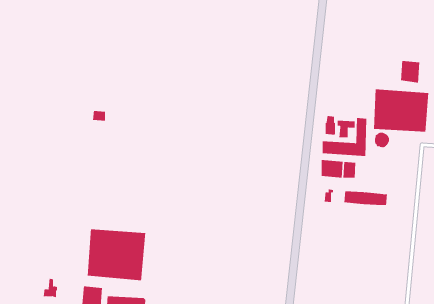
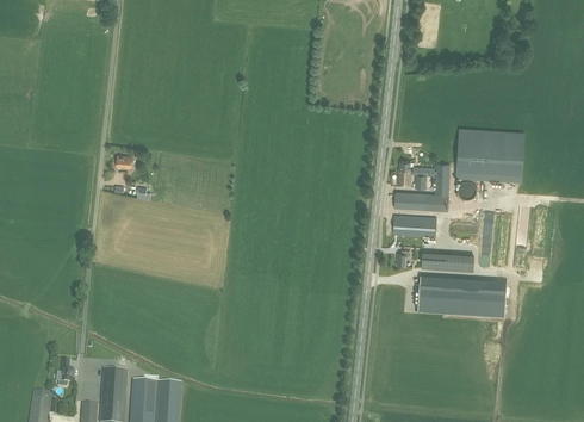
building: [400,60,420,83] -> none
building: none -> [417,274,505,317]
building: [87,229,146,281] -> none

